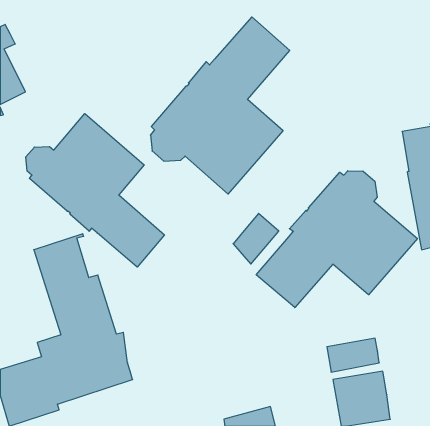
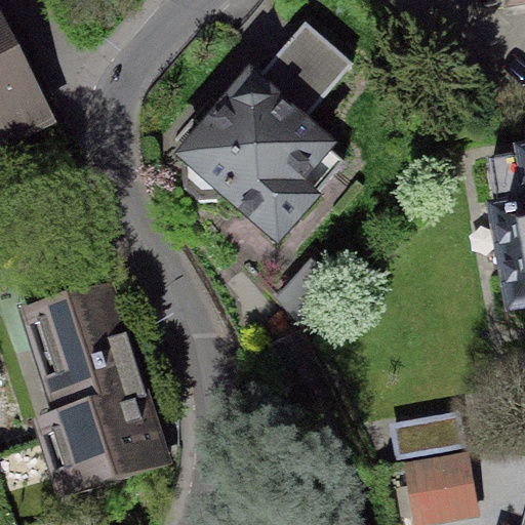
building: [26,114,164,267] -> none
building: [256,171,417,308] -> none

